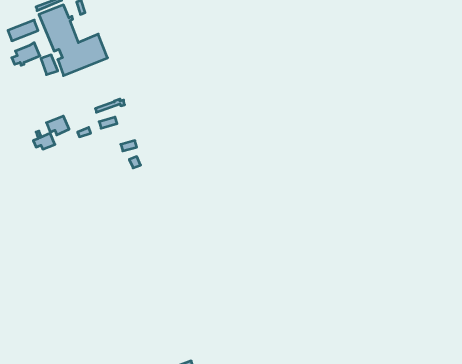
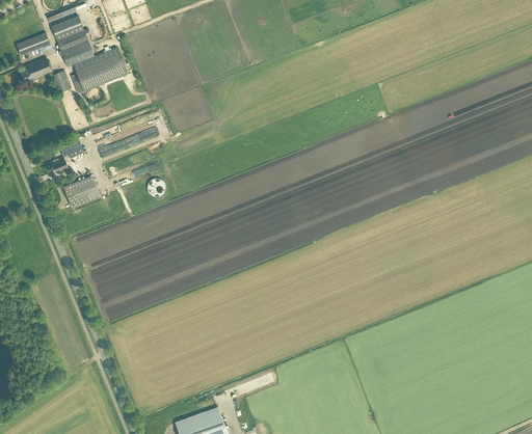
building: none -> [62,174,101,208]

